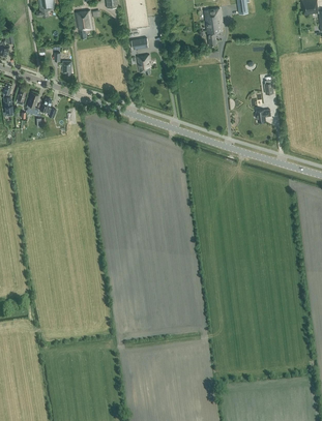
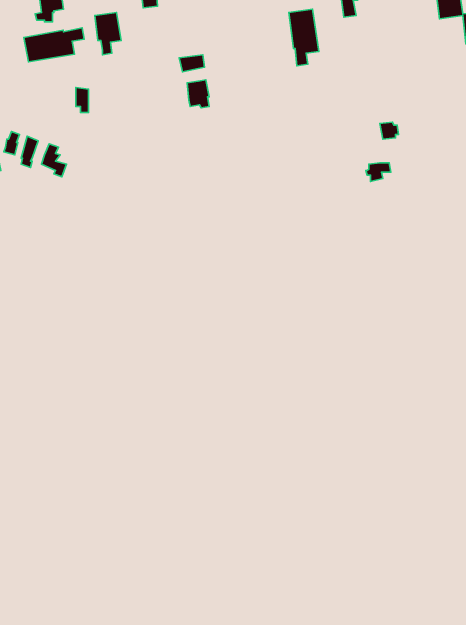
building: none -> [24,28,84,62]

